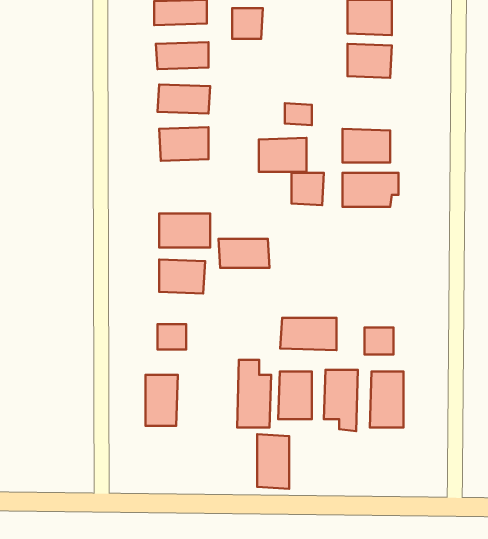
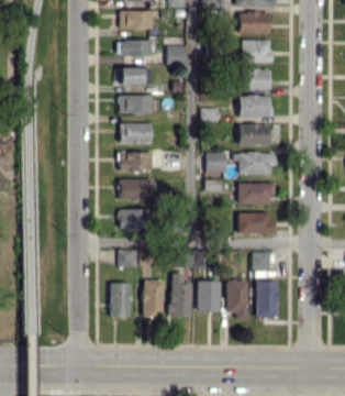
building: [259,138,306,172] -> [238,95,269,117]
building: none -> [238,182,274,204]
building: [219,239,269,268] -> [120,152,153,171]
building: [280,318,336,350] -> [236,212,272,233]
building: [257,434,289,489] -> [143,279,164,315]

